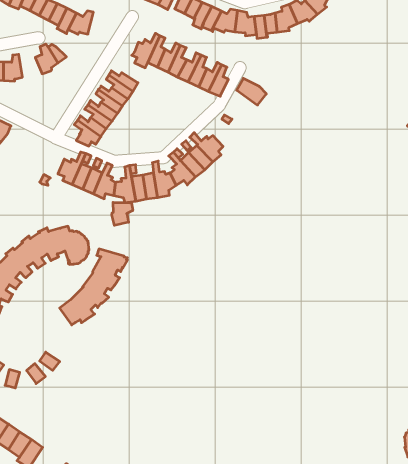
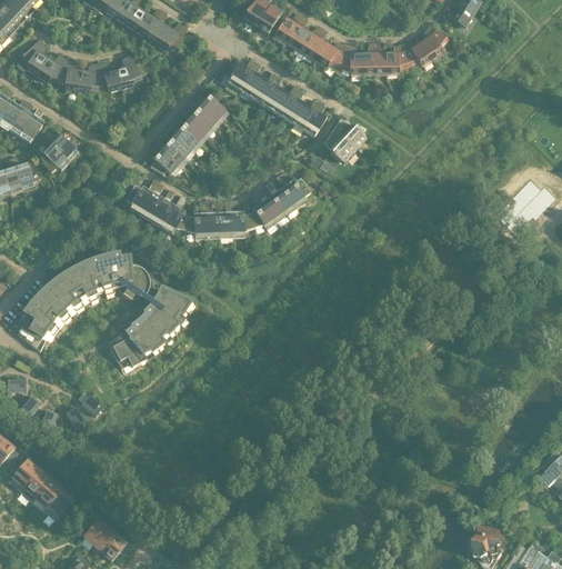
building: none -> [97,62,120,90]
building: none -> [323,130,353,161]
building: [112,202,133,225] -> none

